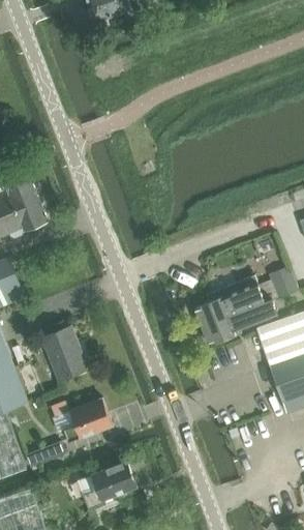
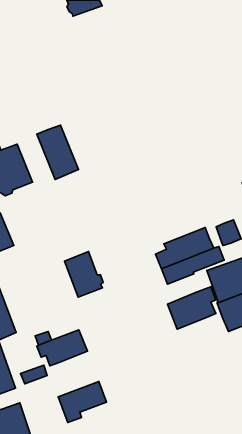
building: none -> [37,125,78,180]
building: [41,326,88,381] -> [65,252,103,297]
building: none -> [167,287,216,329]

